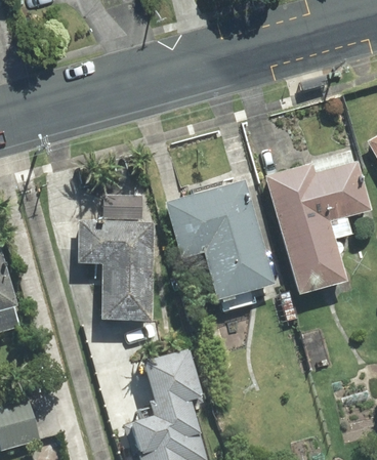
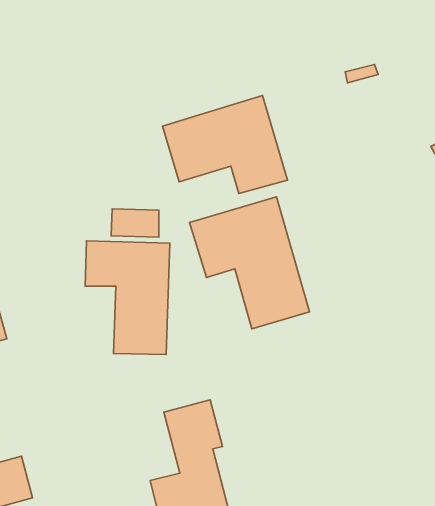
building: none -> [163,96,287,194]
building: [271,167,368,289] -> none

